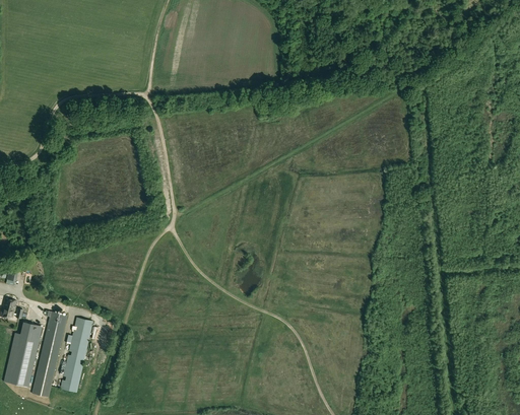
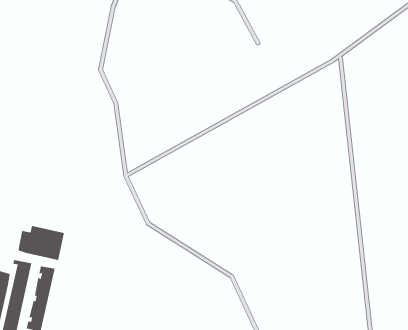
building: none -> [18,225,65,261]

